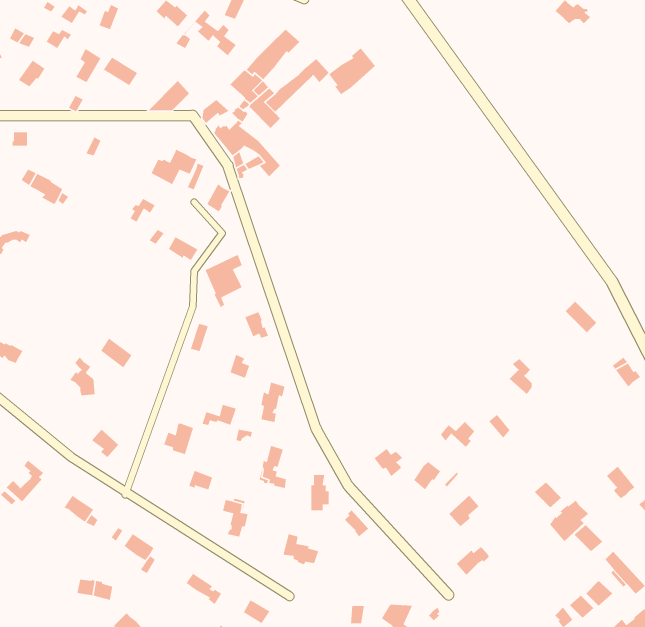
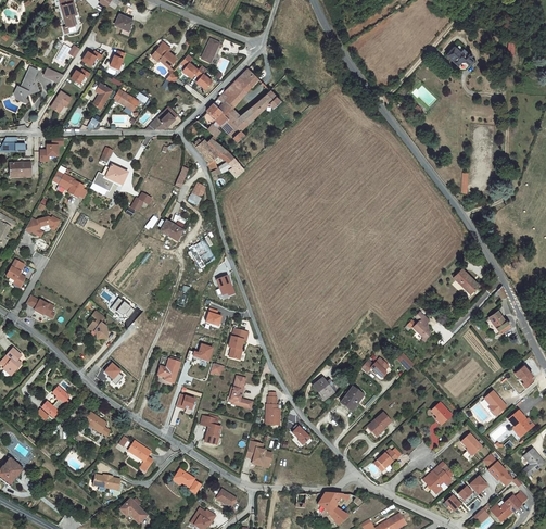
building: [328,47,376,95] -> none
building: [151,148,198,185] -> [92,165,127,192]
building: [549,500,589,542] -> [424,463,454,494]

